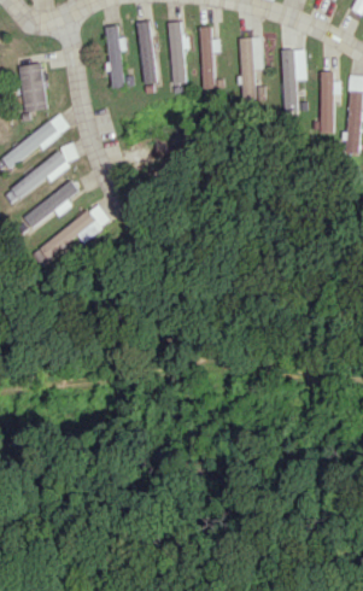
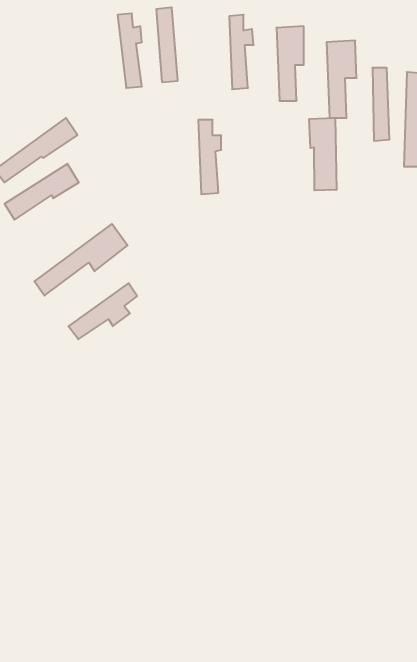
building: [169,22,188,84] -> [198,120,221,194]
building: [18,63,49,112] -> none
building: none -> [309,118,336,190]
building: [23,180,81,227] -> [68,283,137,339]

